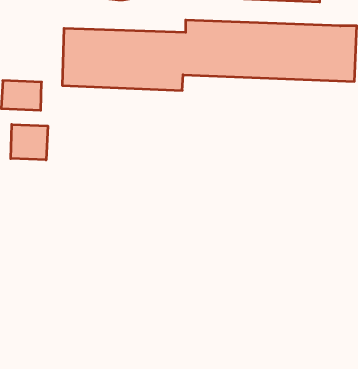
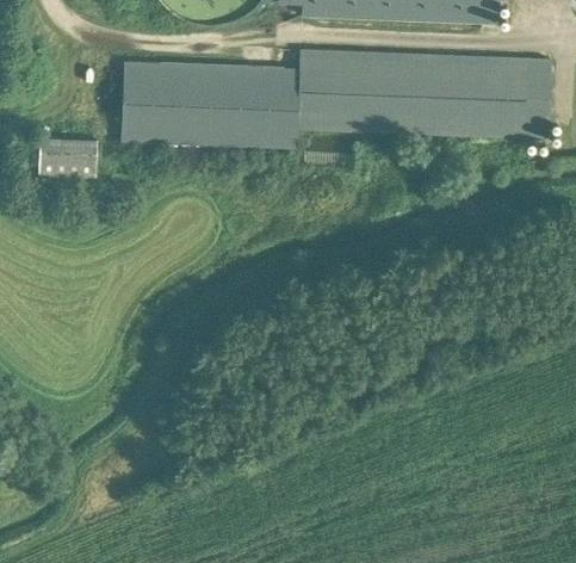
building: [11,124,48,160] -> none

